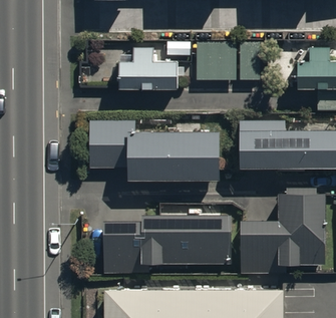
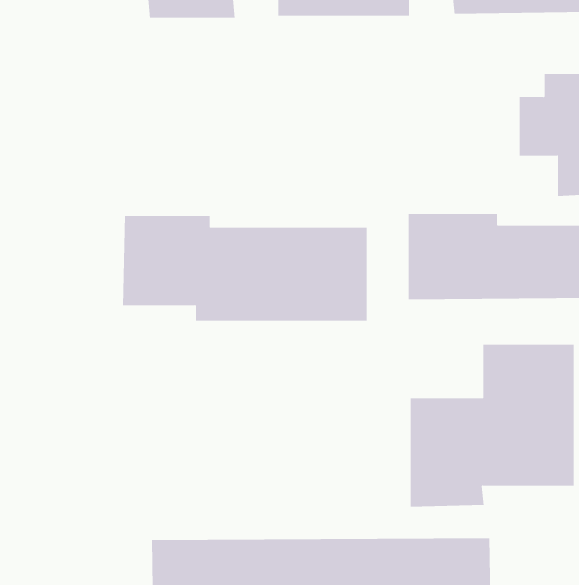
building: [119,42,191,86] -> none
building: [198,44,261,80] -> none
building: [103,211,230,275] -> none

